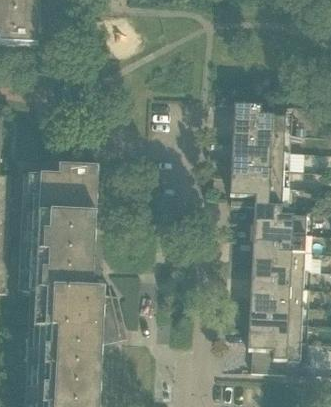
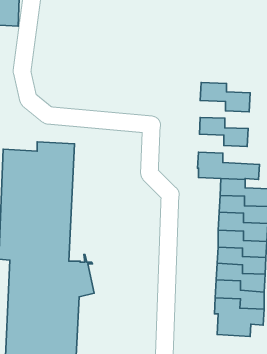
building: [233,120,285,150] -> none
building: [231,156,296,188] -> none

